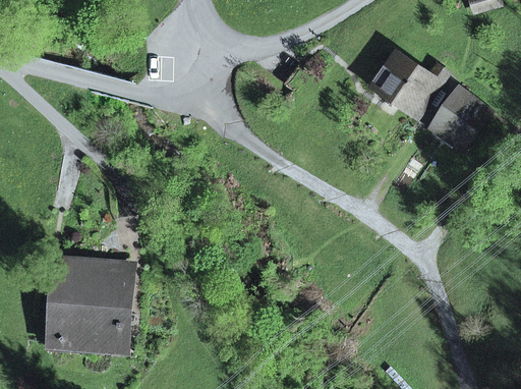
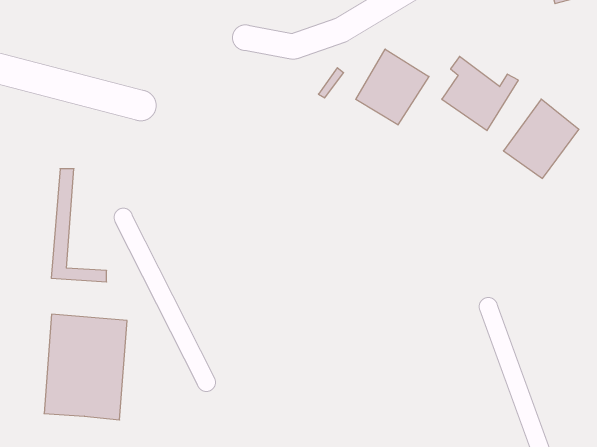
building: none -> [356,49,429,125]
building: [47,261,92,352] -> [51,169,107,282]

